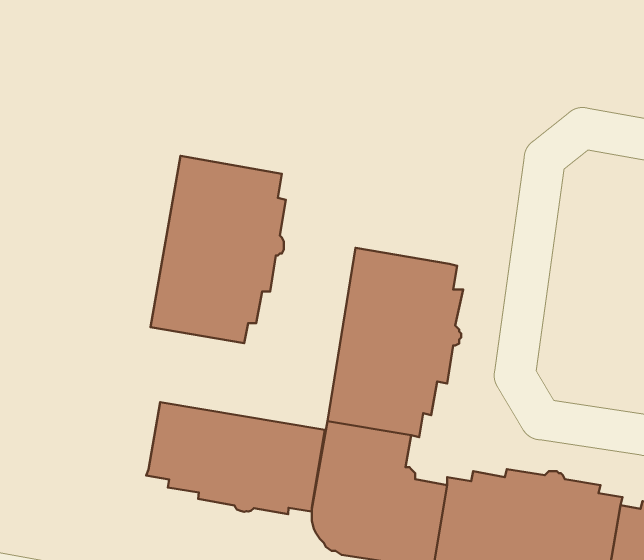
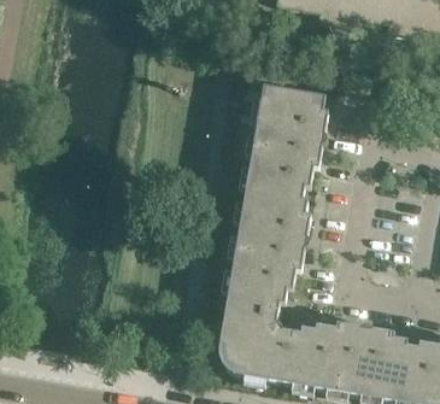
building: [150,156,286,343] -> [245,84,327,198]
building: [146,402,325,514] -> none

